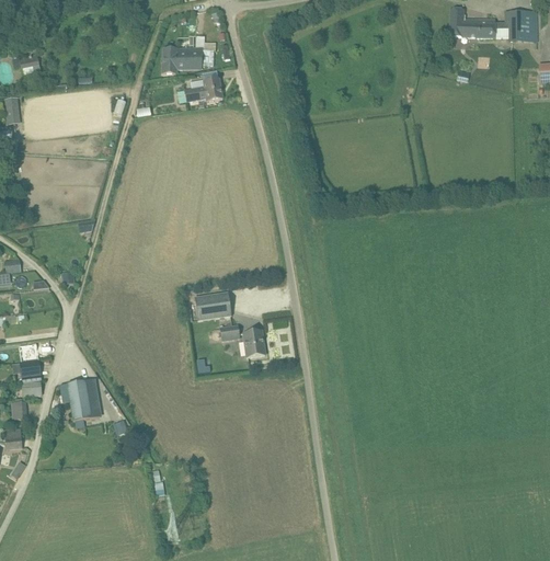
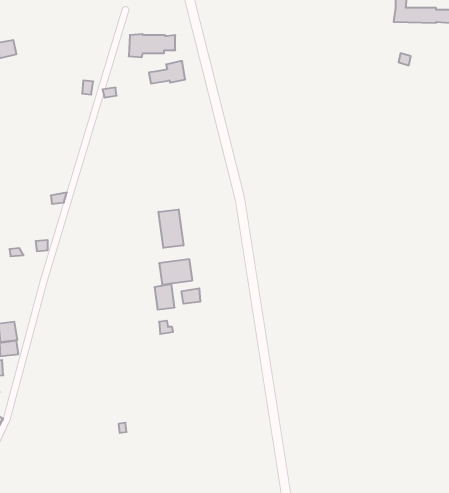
building: none -> [159,209,183,248]
building: [243,329,265,356] -> [154,284,175,309]
building: [67,378,99,421] -> none

